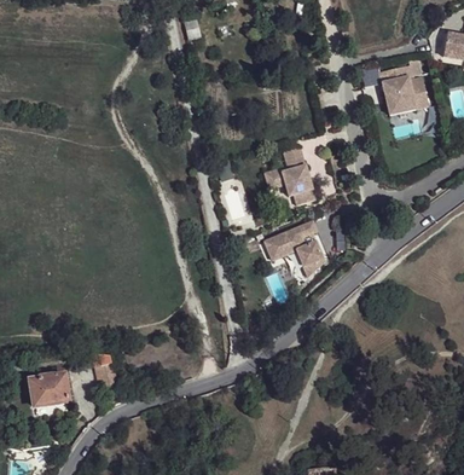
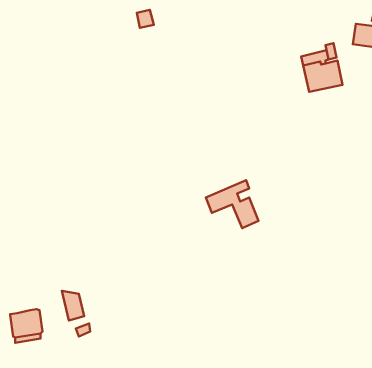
building: [266,146,309,204] -> none

